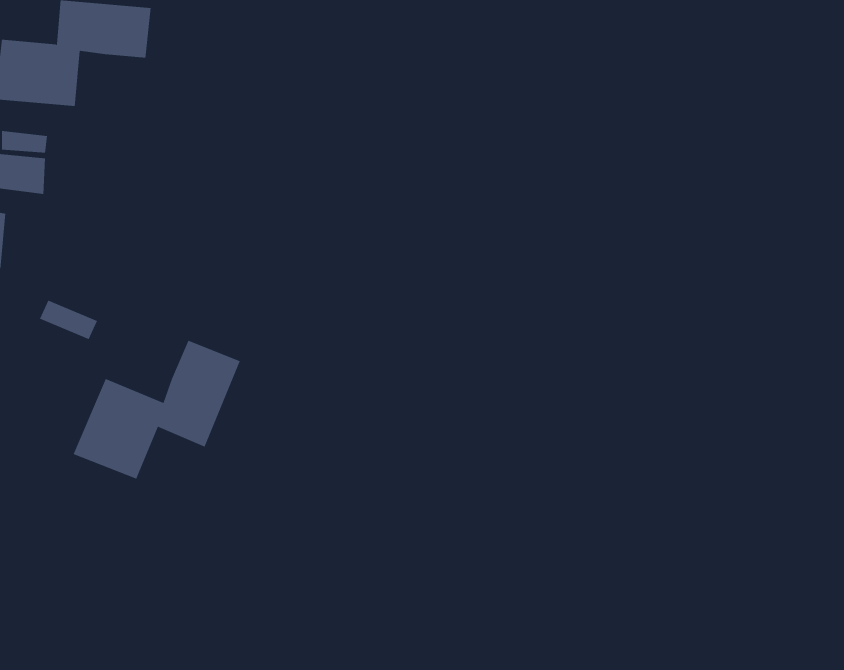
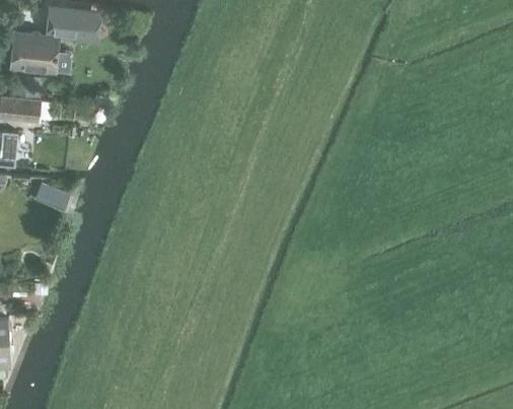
building: [73,340,241,480] -> none

